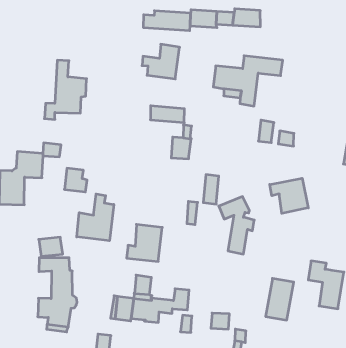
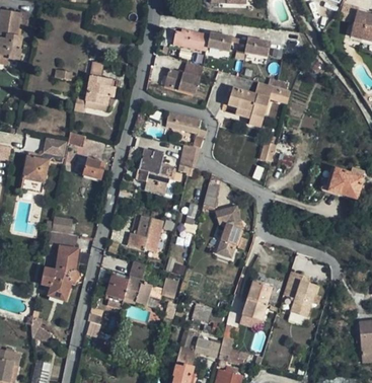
building: none -> [139,149,170,185]
building: [270,178,308,213] -> none
building: [77,194,114,241] -> none

